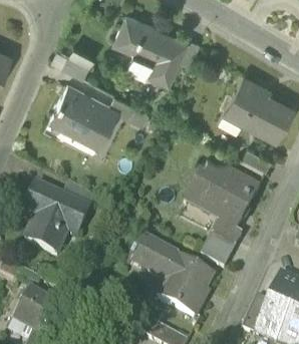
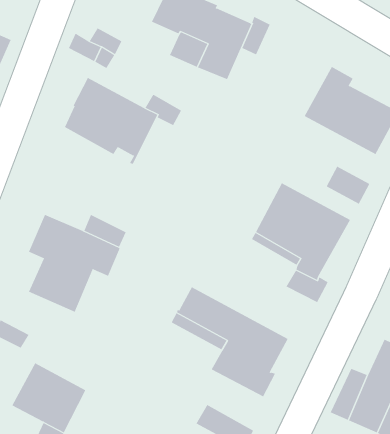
building: [201,233,234,264] -> none

